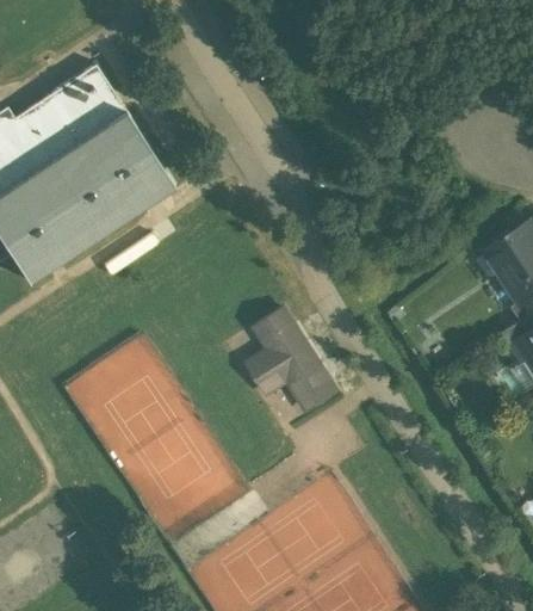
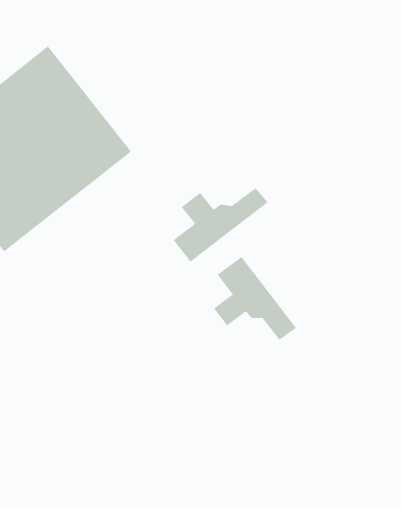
building: none -> [173,187,268,262]

